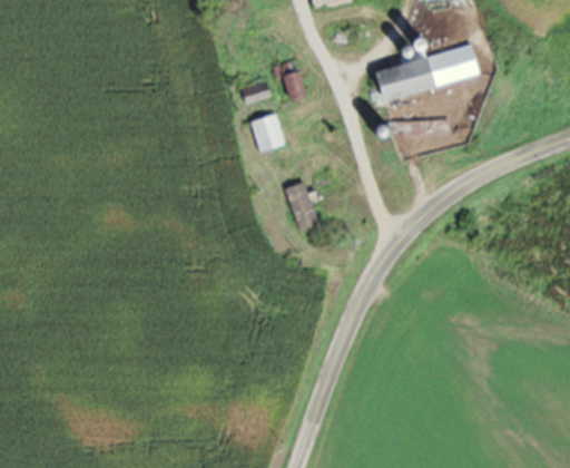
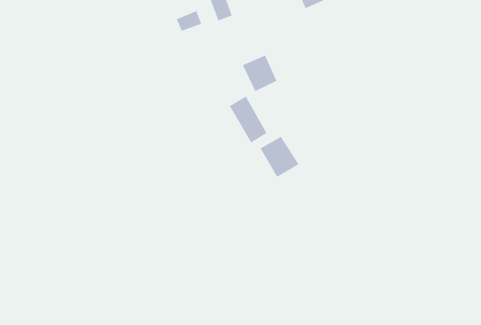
building: [252,114,286,152] -> [242,54,278,92]
building: none -> [260,136,300,178]

